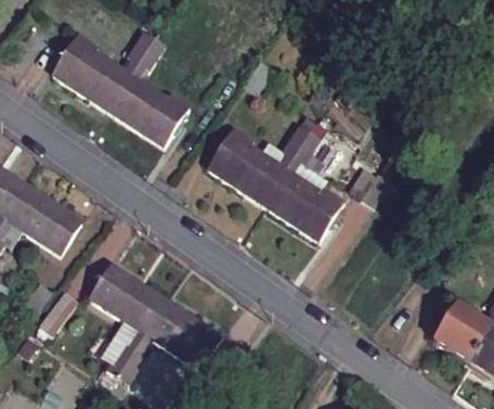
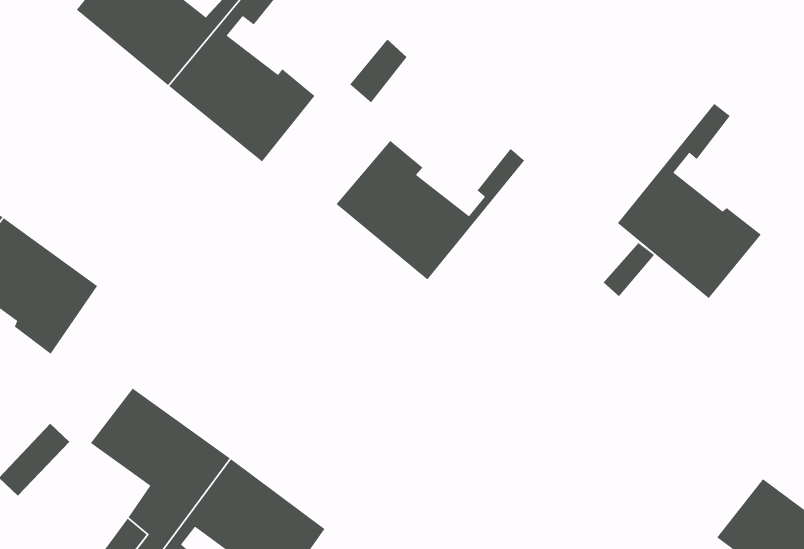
building: [263,133,344,243] -> [617,103,762,299]

